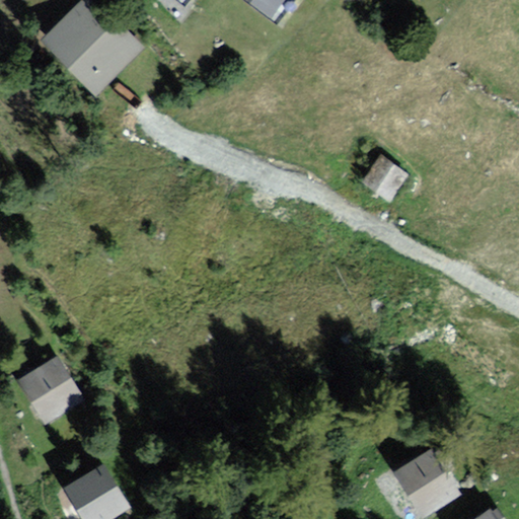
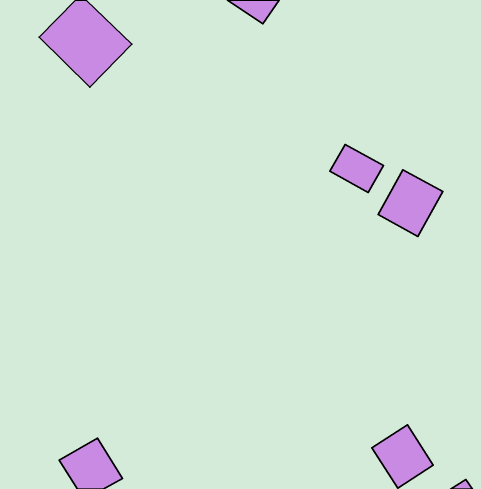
building: none -> [378,170,443,236]
building: [15,355,82,424] -> none

